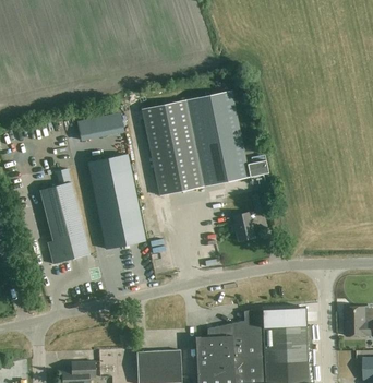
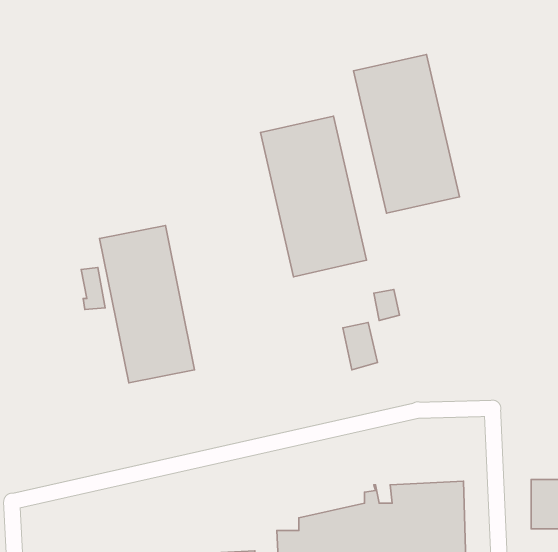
building: [140,100,203,195] -> [353,54,460,213]
building: [75,113,123,141] -> none
building: [39,182,89,264] -> none

